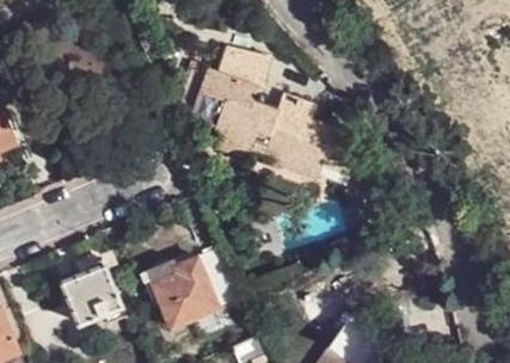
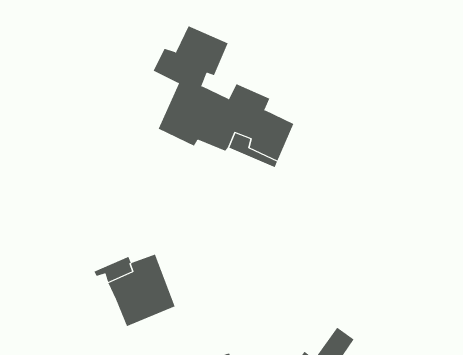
building: [60,264,119,325] -> none

